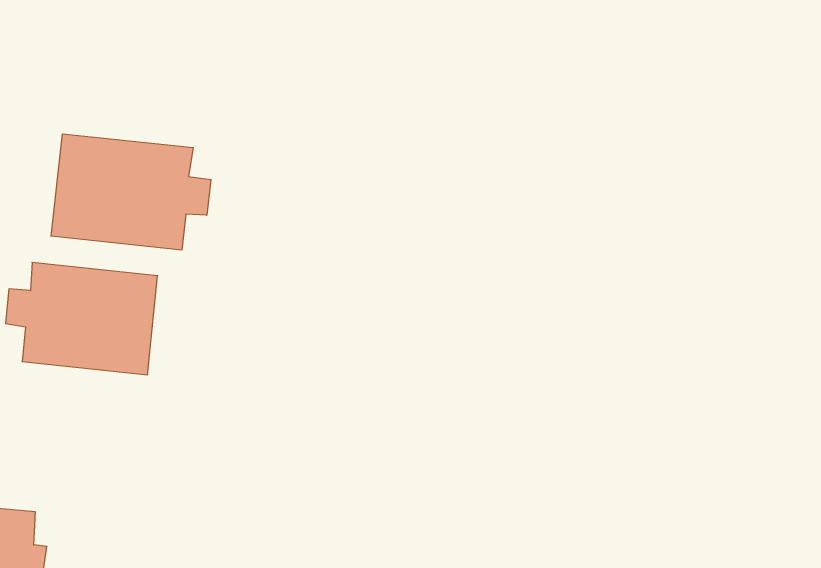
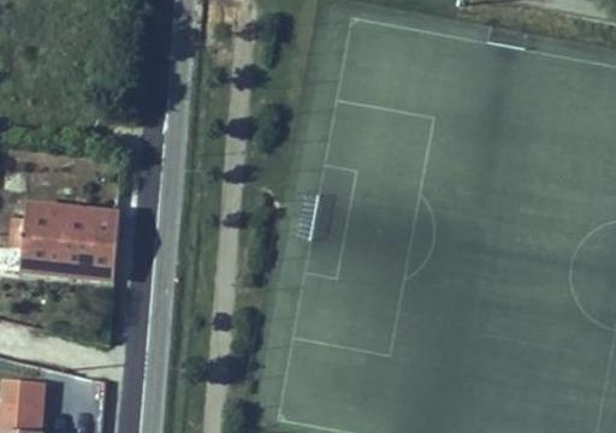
building: [51,134,211,250] -> none

